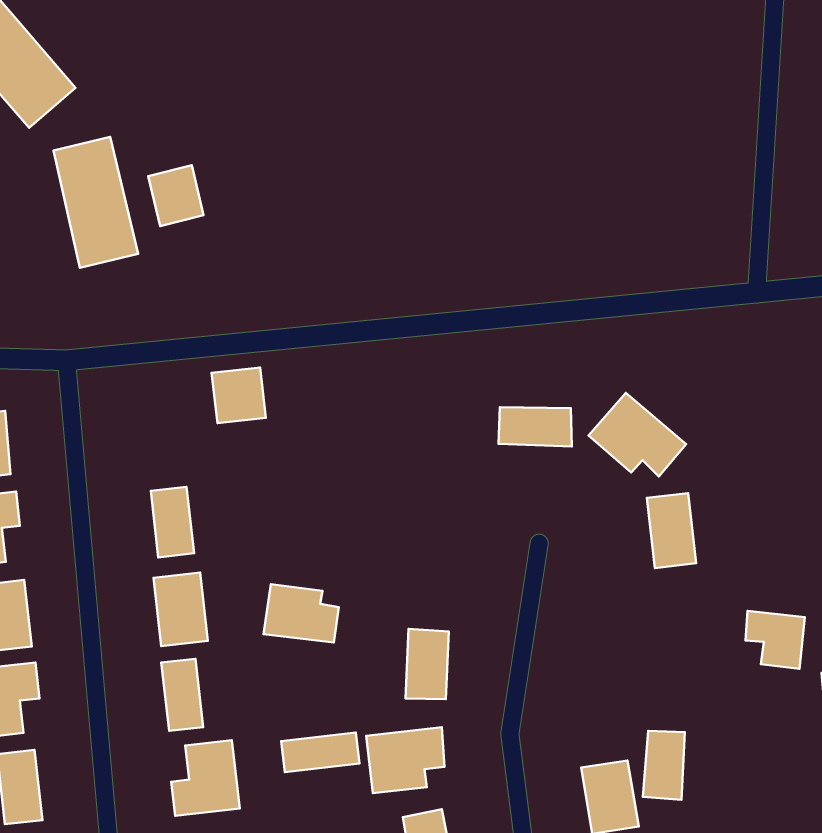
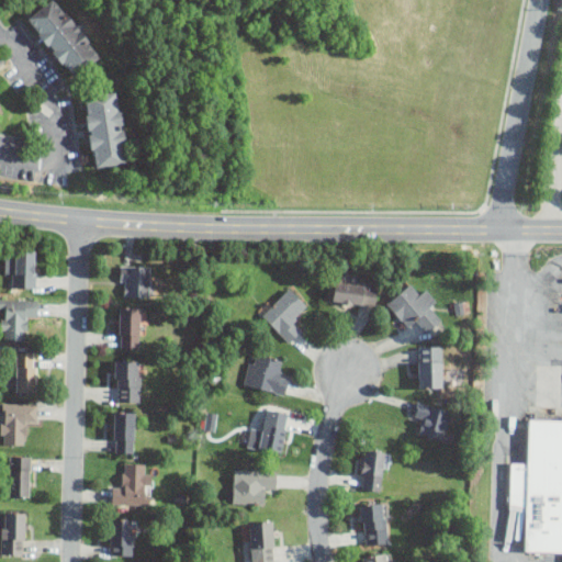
building: [148,165,204,226] -> none
building: [212,367,266,423] -> [120,267,149,297]
building: none -> [260,288,308,345]
building: [264,584,339,642] -> [243,357,290,396]
building: [745,611,805,669] -> [414,403,451,441]
building: [643,731,685,800] -> [357,450,386,494]
building: [281,733,359,772] -> none

